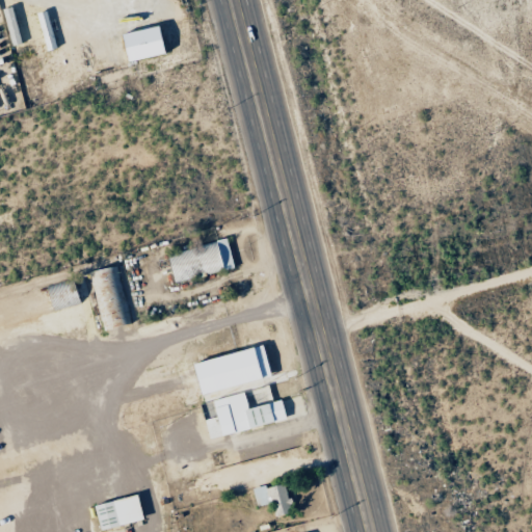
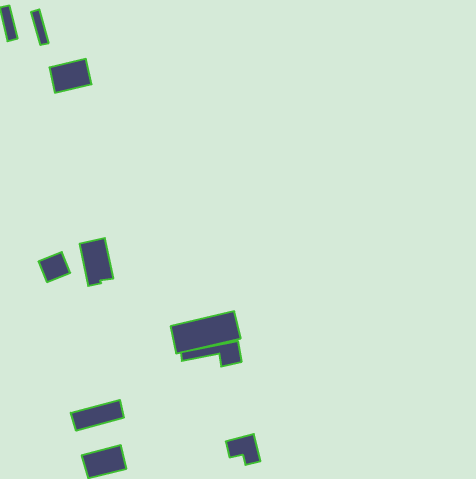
building: [121,25,167,62] -> [49,59,92,93]
building: [166,239,235,284] -> none
building: [204,393,286,437] -> none
building: none -> [71,400,124,431]

